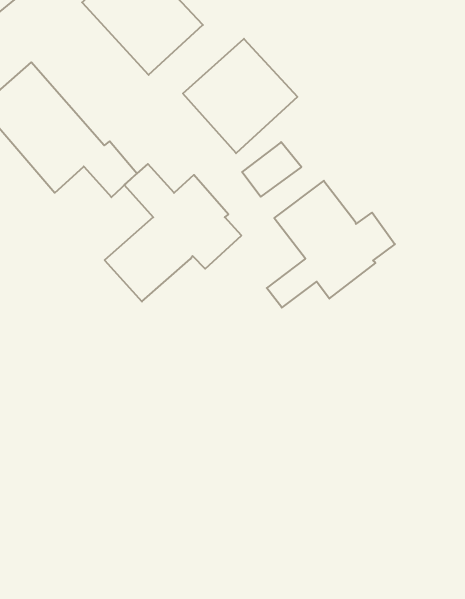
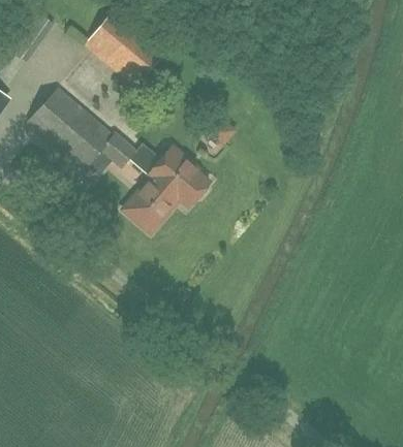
building: [183,39,297,153] -> none
building: [267,181,395,308] -> none

